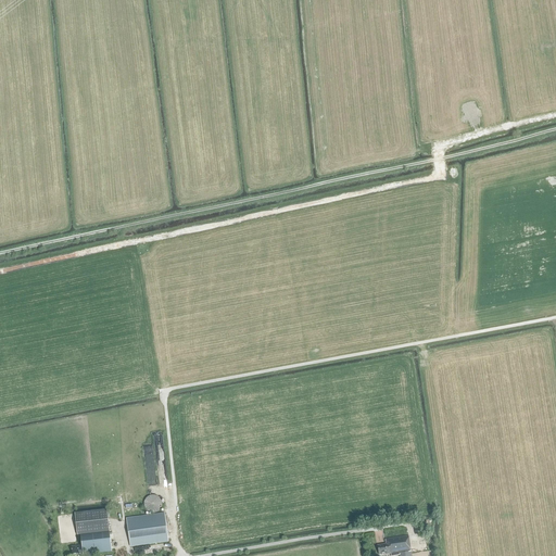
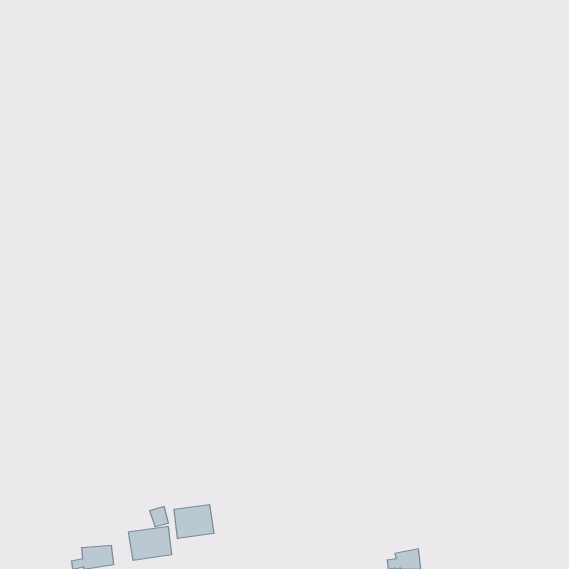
building: none -> [174,504,214,539]
building: [74,509,109,534] -> none

